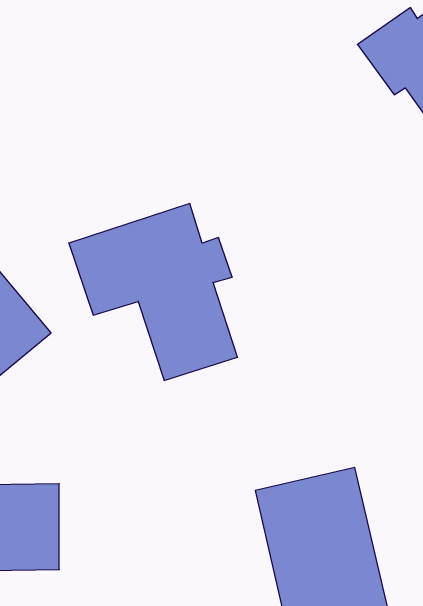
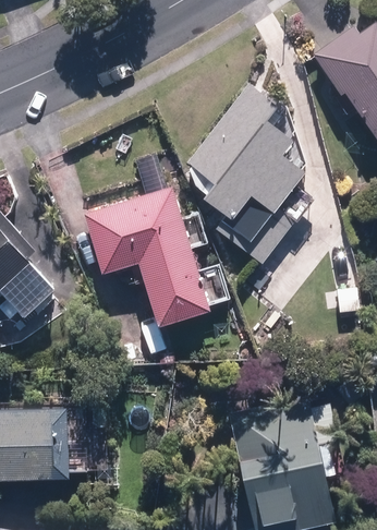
building: none -> [185,83,309,265]

